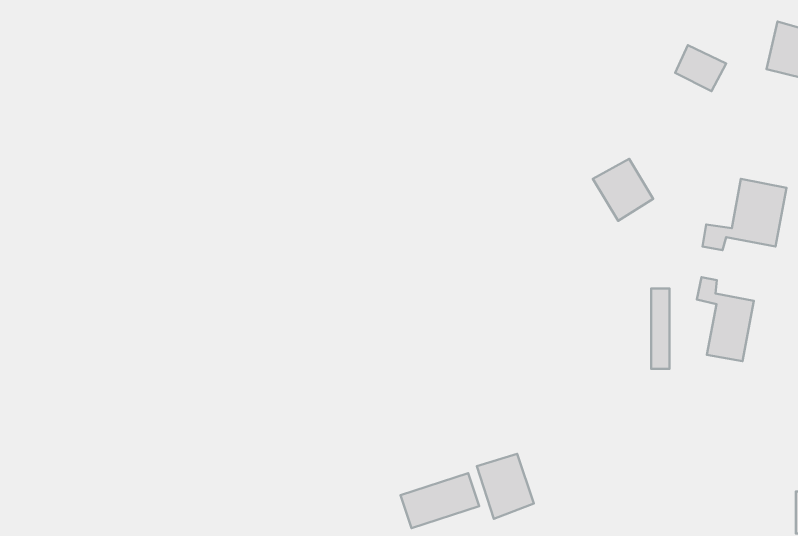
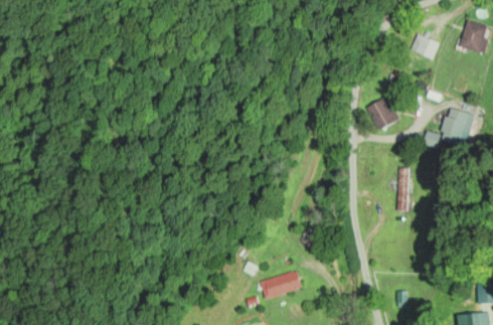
building: [697,277,754,361] -> none
building: [477,454,534,519] -> none

